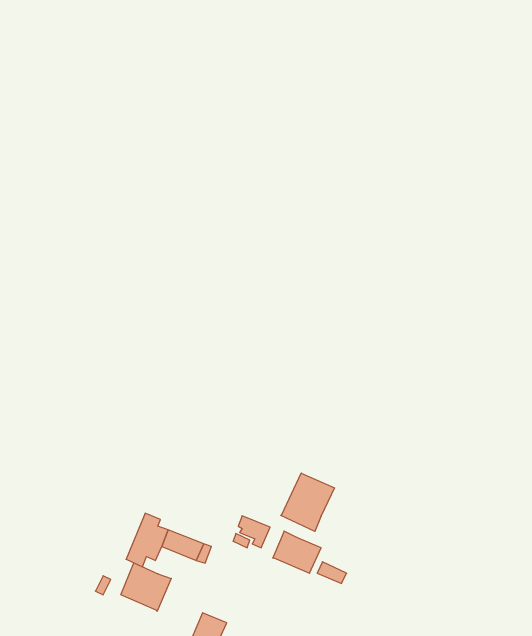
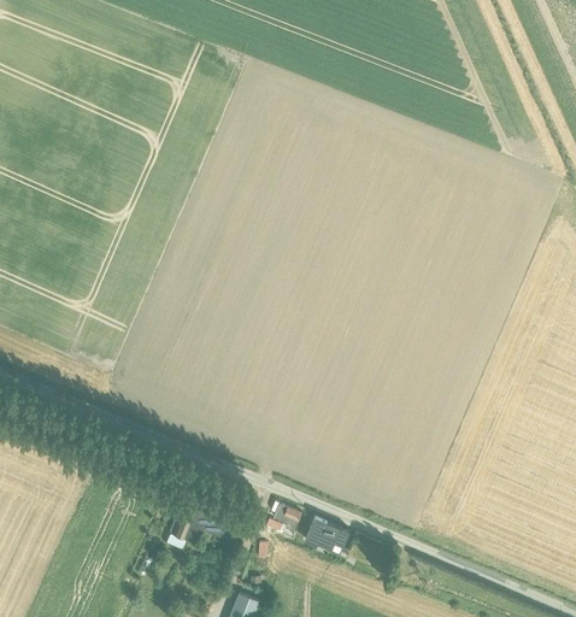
building: [281,473,334,531] -> none
building: [121,563,171,611] -> none

